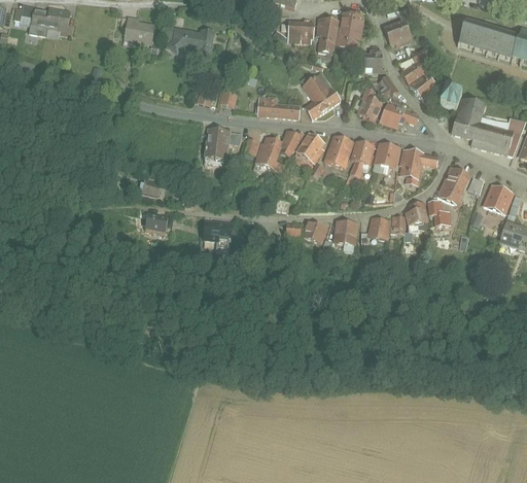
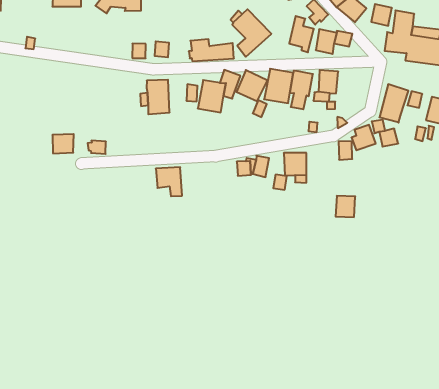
building: [399,148,440,187] -> none
building: [146,211,170,232] -> [52,134,74,153]
building: [367,218,390,242] -> [336,196,355,217]

